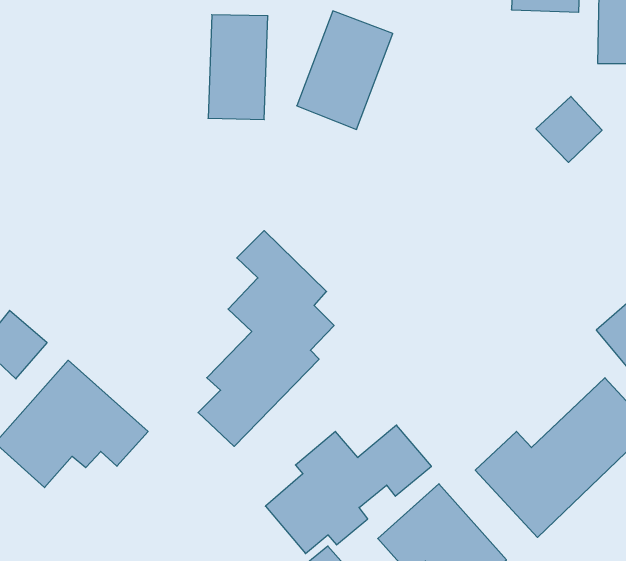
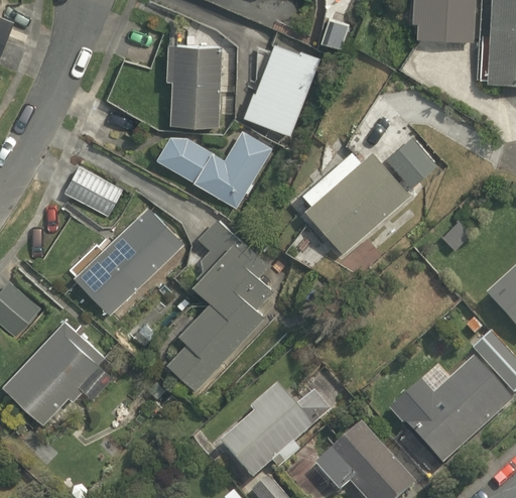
building: [536,96,602,162] -> [387,136,440,190]
building: none -> [157,126,275,211]
building: none -> [299,148,407,253]
building: none -> [63,163,126,219]
building: none -> [74,209,184,318]

